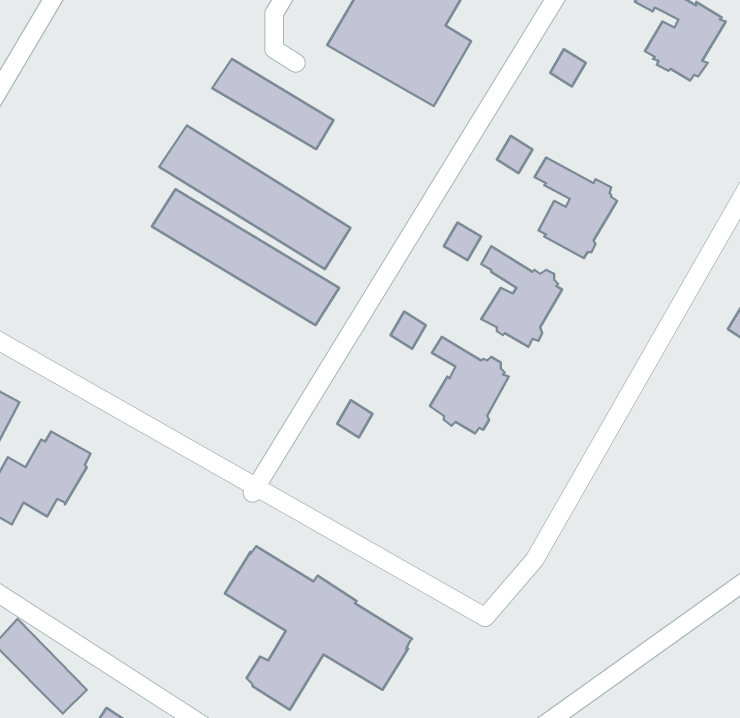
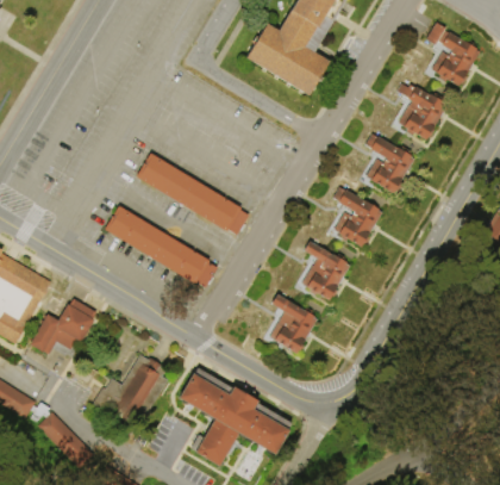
building: [212,59,334,149] -> none
building: none -> [396,82,446,139]
building: [159,125,351,269] -> [104,205,219,292]
building: none -> [268,293,317,354]
building: none -> [93,354,168,424]

